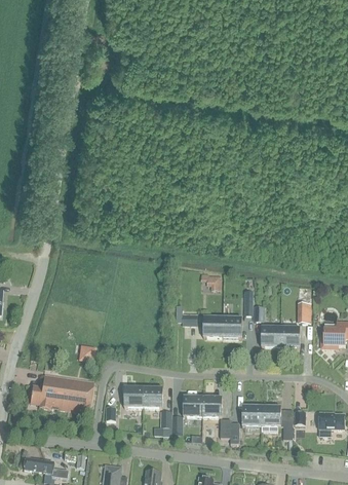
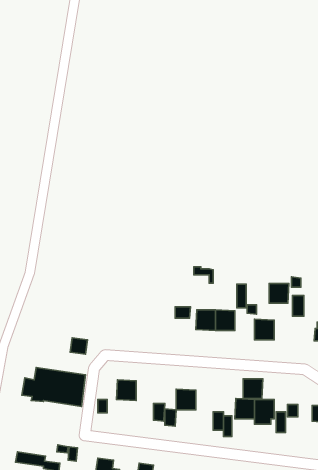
building: [280,326,300,345] -> [269,284,289,303]
building: [143,386,162,406] -> none
building: [202,396,222,415] -> [243,379,263,398]

